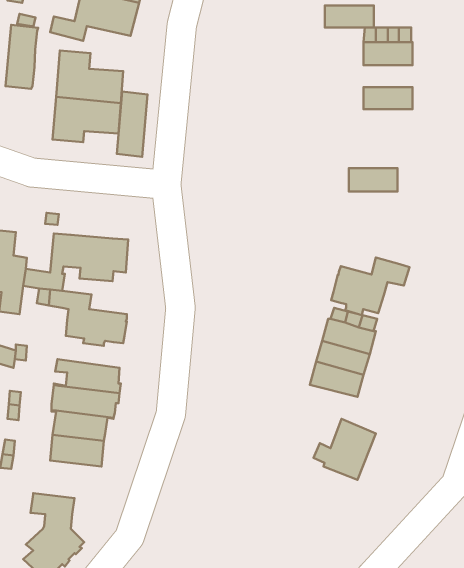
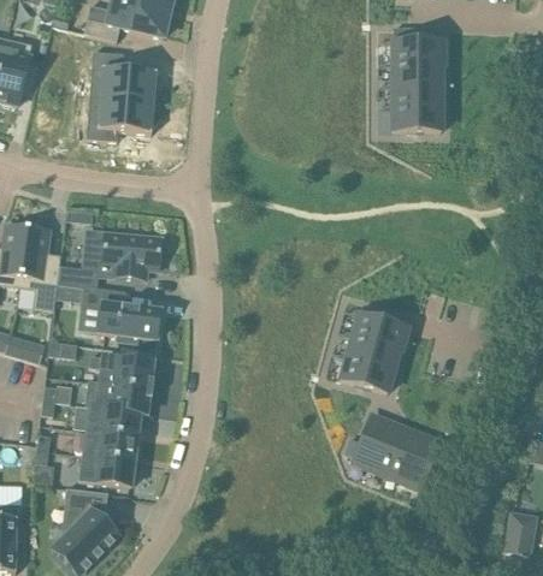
building: [325,5,374,27] -> [393,65,441,87]
building: [6,25,38,89] -> none
building: [117,92,147,157] -> none
building: [349,168,398,191] -> [393,108,441,131]
building: [331,257,410,315] -> none
building: none -> [386,428,438,488]
building: none -> [79,455,134,486]

